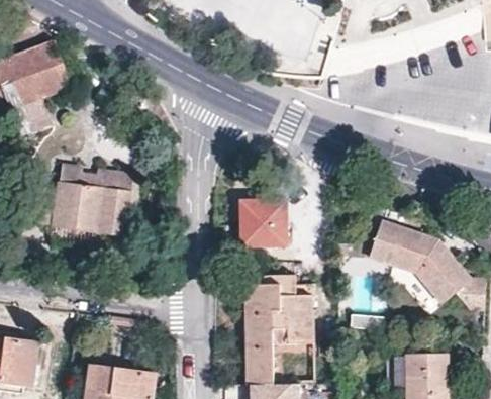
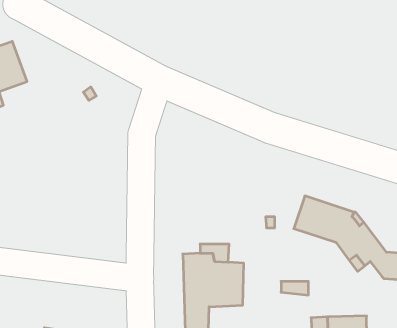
building: [53,166,132,235] -> none
building: [239,198,286,244] -> none

